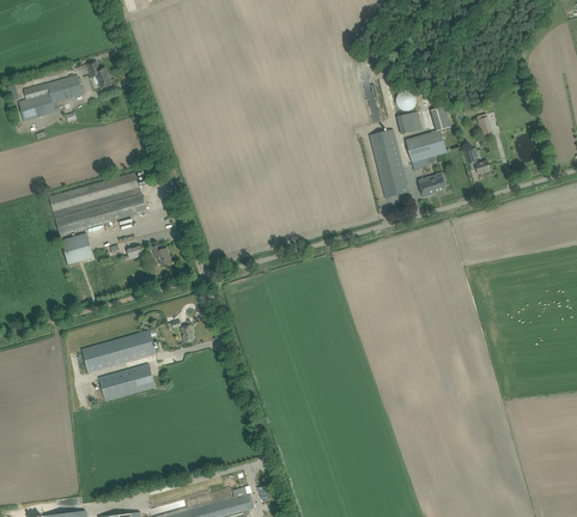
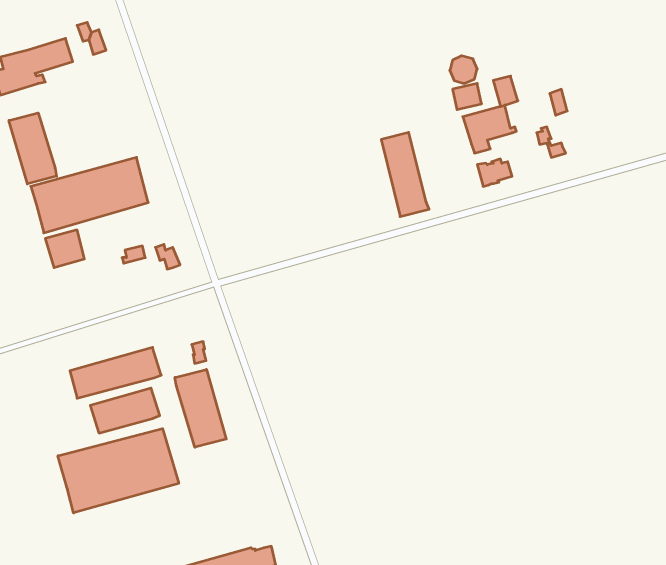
building: [370,128,409,197] -> [381,132,429,217]
building: none -> [9,113,57,184]
building: none -> [175,369,226,447]
building: none -> [58,429,179,513]

